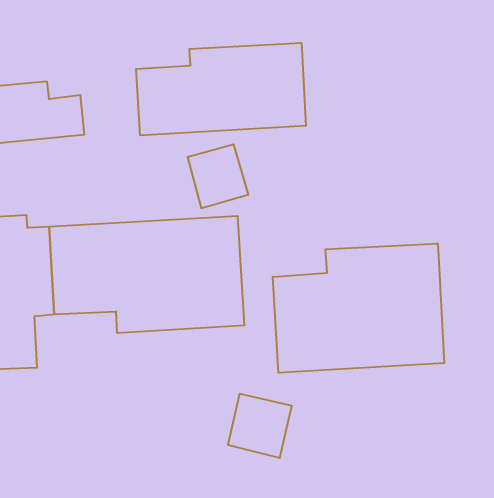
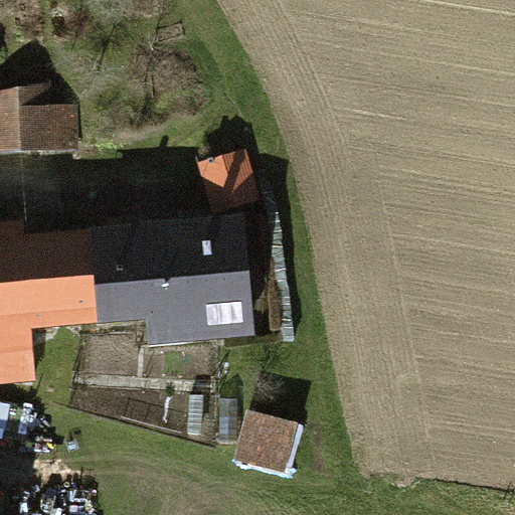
building: [136,43,306,135] -> none
building: [273,243,444,373] -> none

